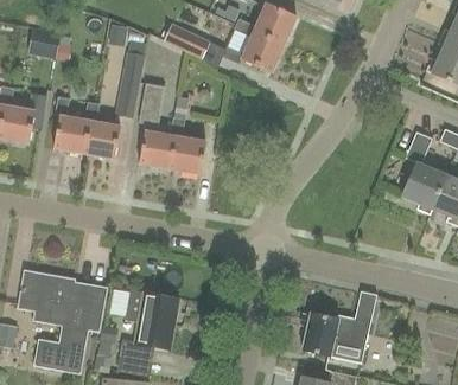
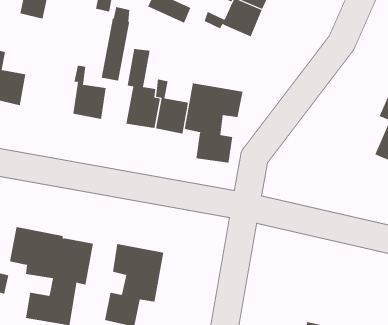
building: [53,96,89,153] -> none
building: none -> [184,82,243,164]
building: [303,291,376,361] -> none

